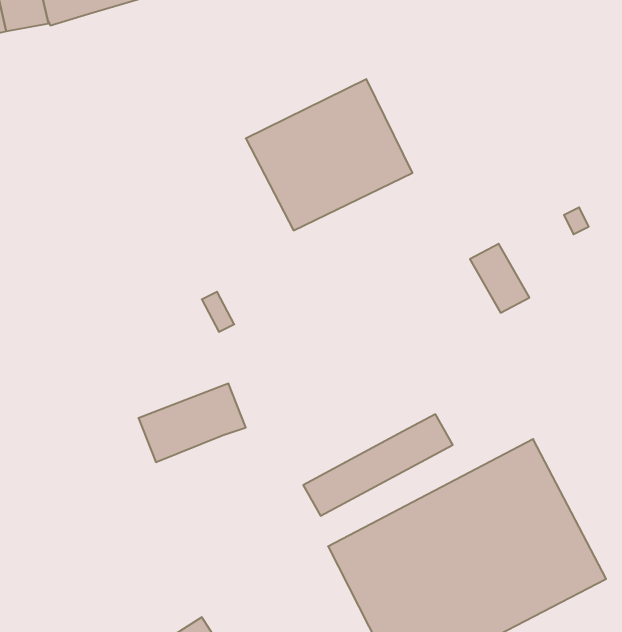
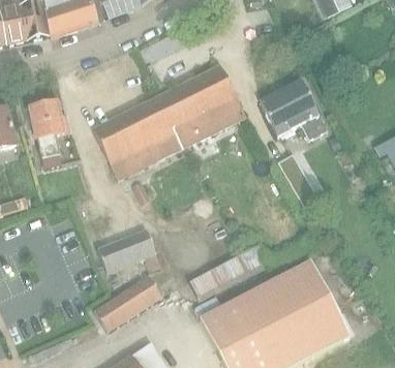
building: none -> [261,78,327,137]
building: none -> [93,96,182,178]
building: none -> [31,101,71,155]
building: none -> [95,275,162,330]

